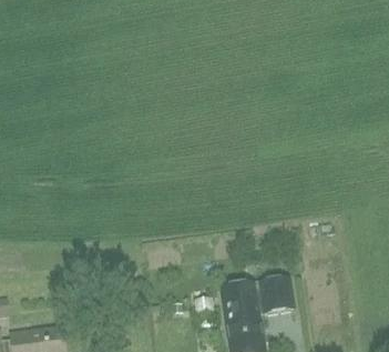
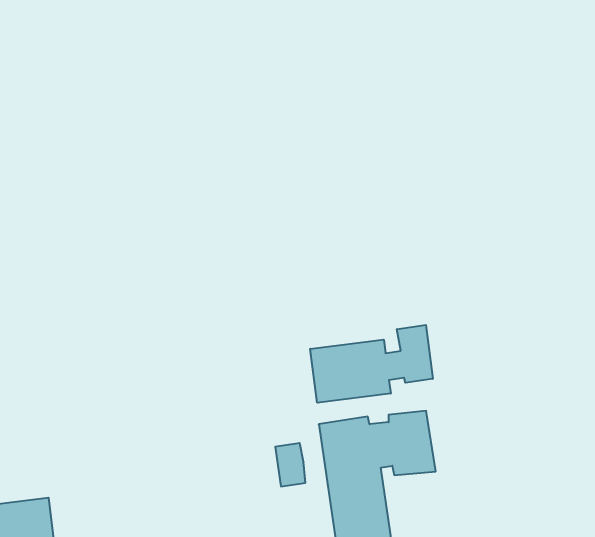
building: none -> [310,325,433,403]

